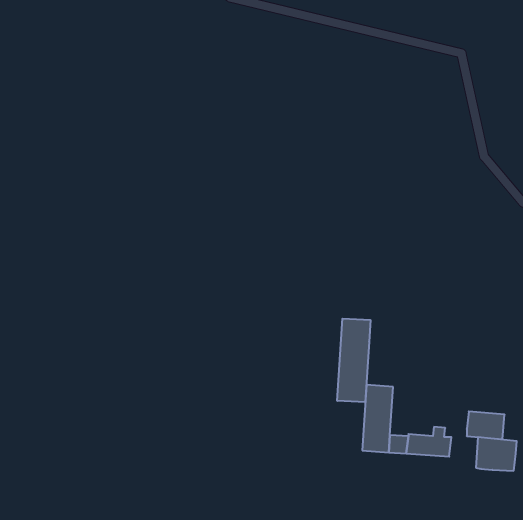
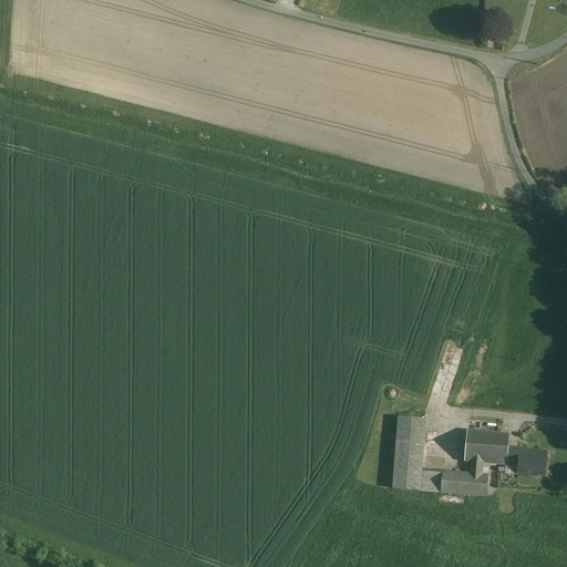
building: [337,319,370,402] -> none
building: [476,437,517,471] -> [464,427,508,464]

